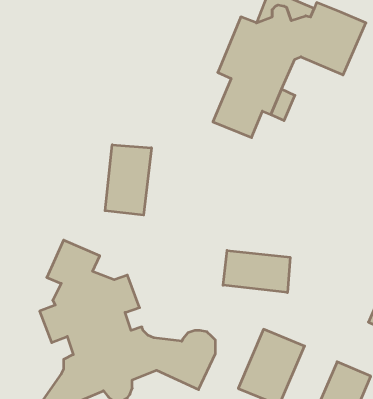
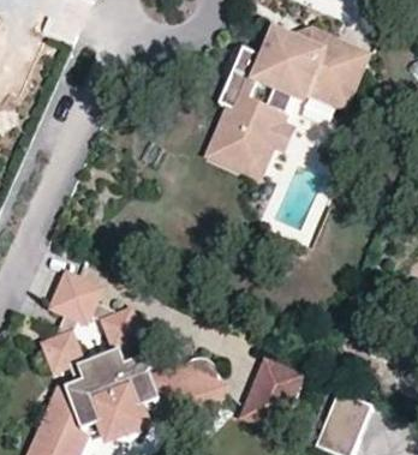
building: [105,145,151,215] -> none
building: [223,250,290,293] -> none

